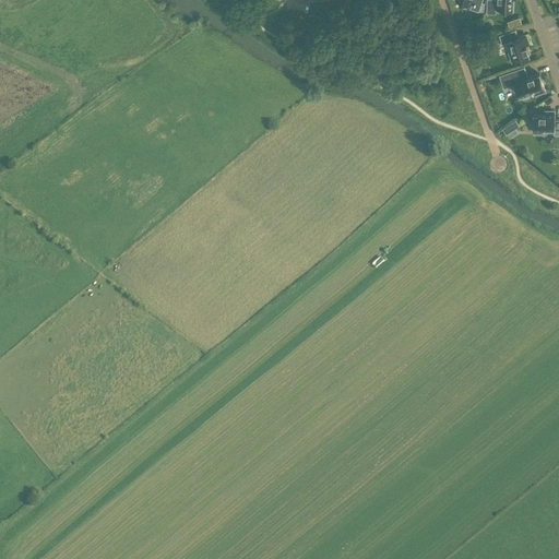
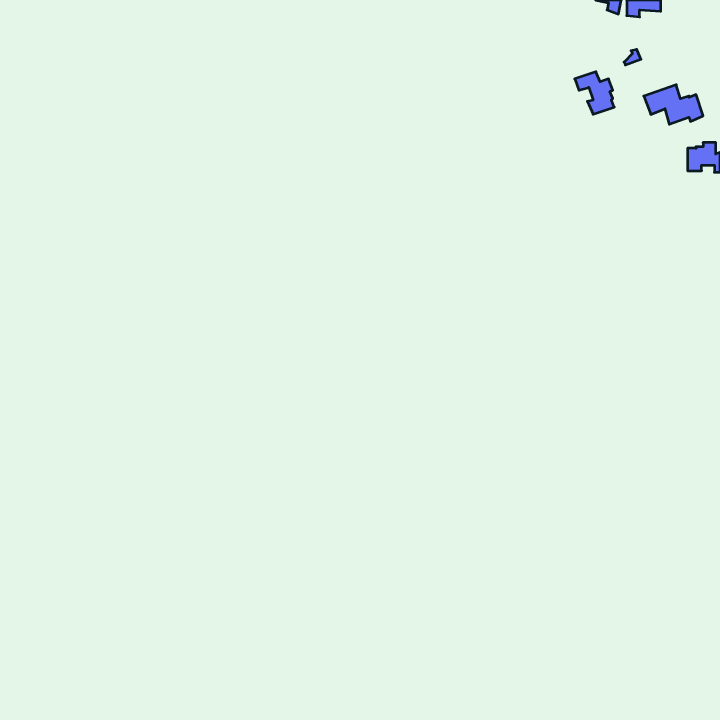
building: [498,29,528,62] -> [575,72,614,114]

